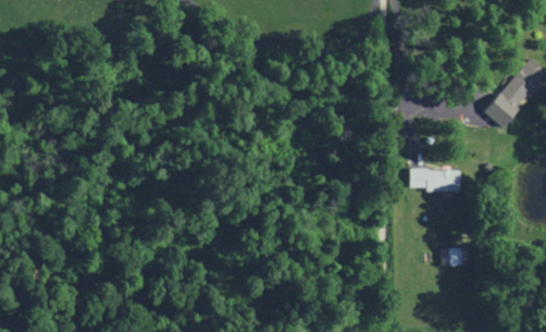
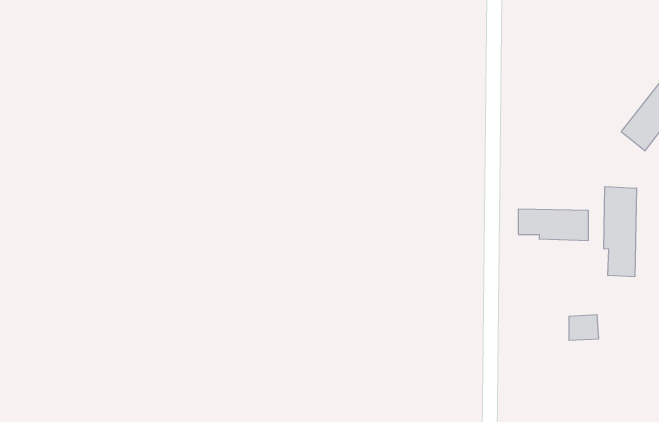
building: none -> [604,187,637,277]

